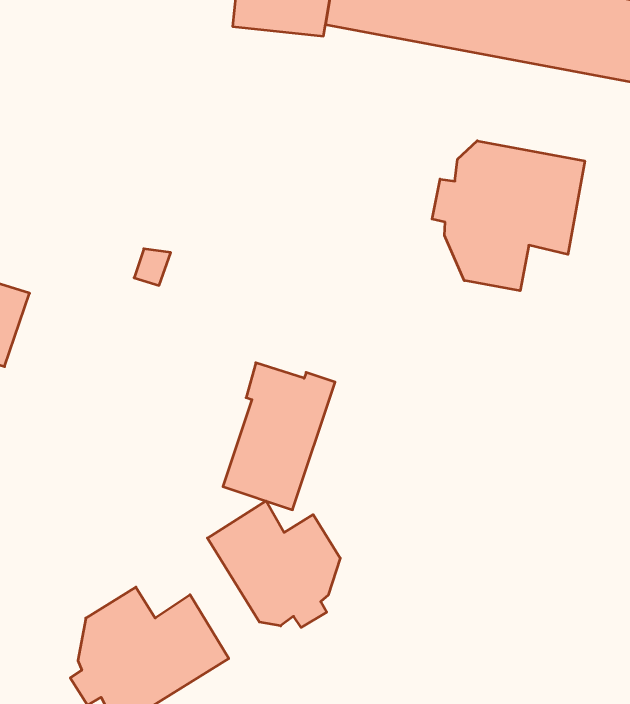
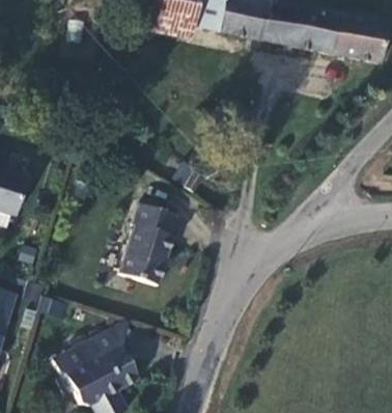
building: [432,141,585,291] -> none
building: [207,501,340,627] -> none

